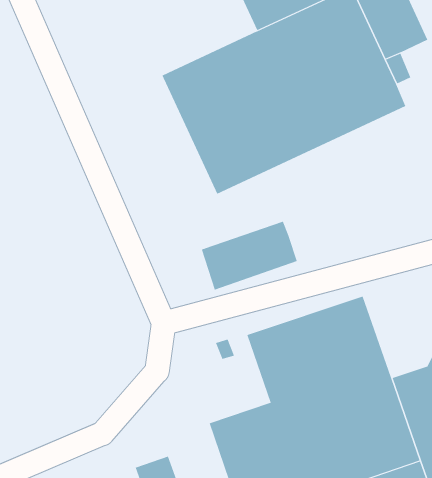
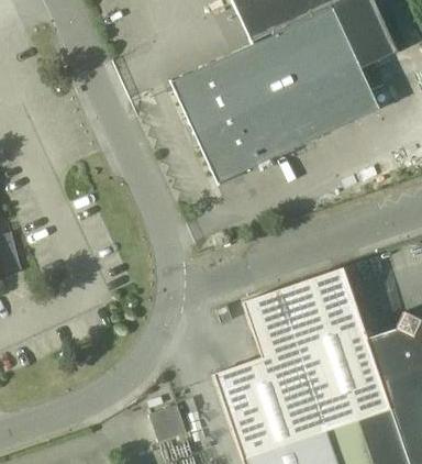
building: [201,221,298,291] -> none

